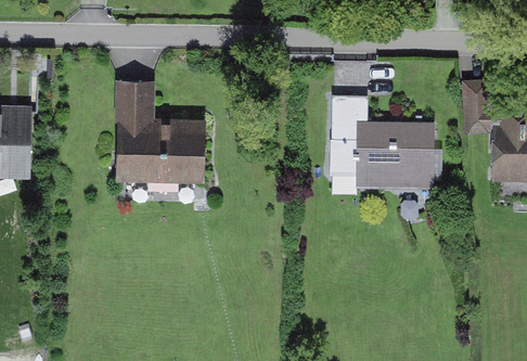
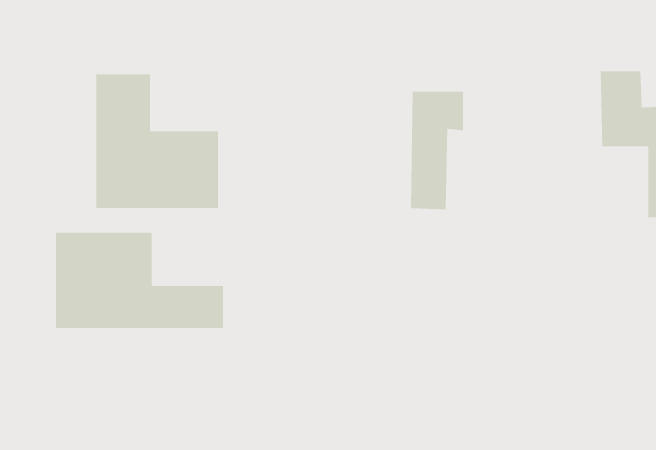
building: [358,125,436,192] -> none
building: none -> [55,232,223,329]

